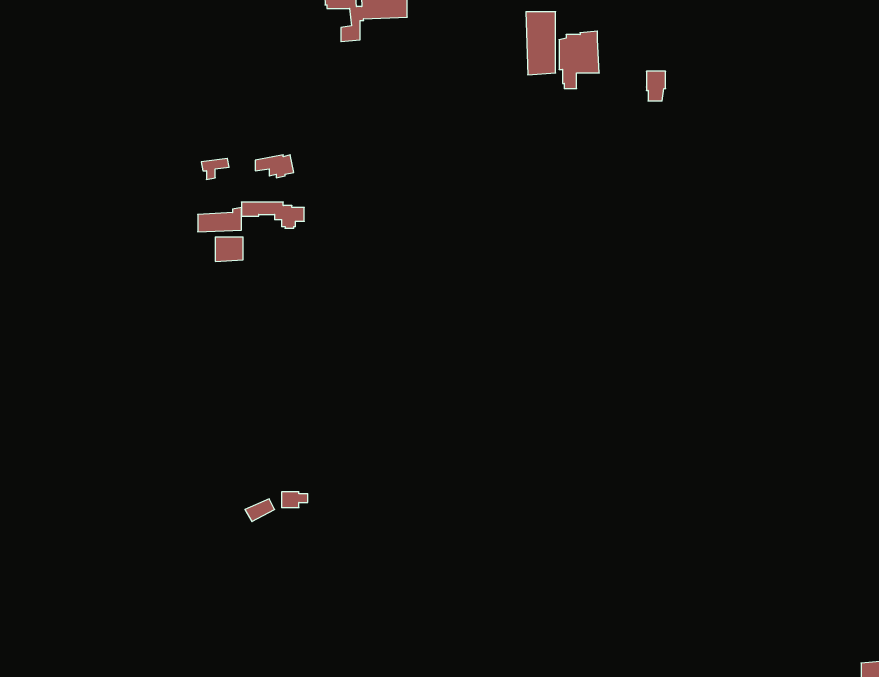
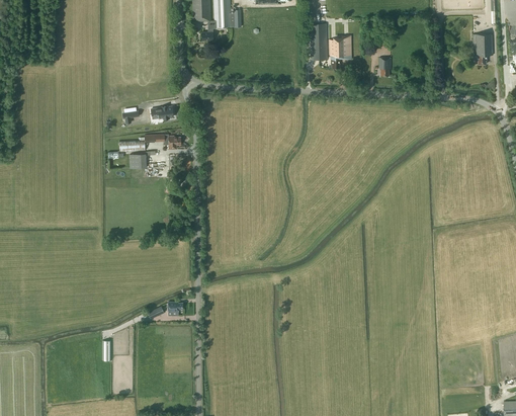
building: none -> [472,33,493,64]

